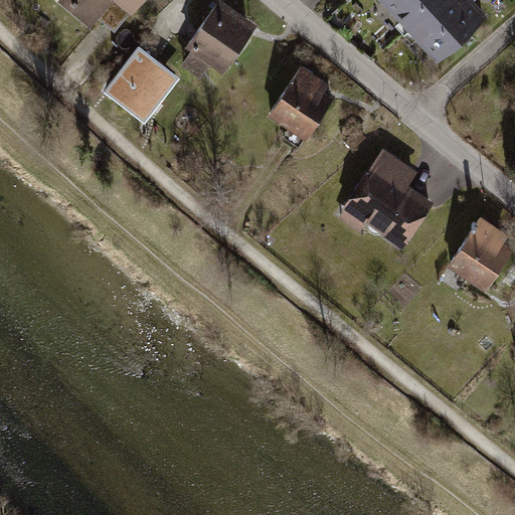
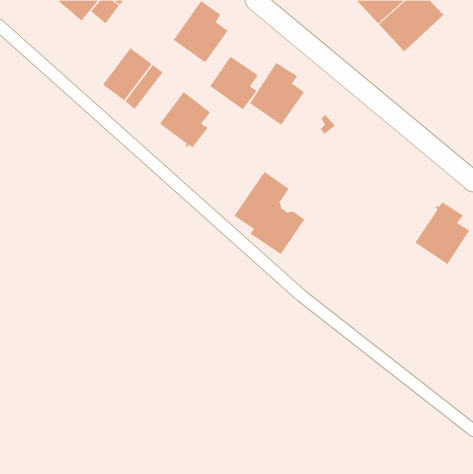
building: none -> [209,56,259,110]
building: none -> [159,91,211,148]
building: [350,151,427,241] -> [234,171,305,255]

